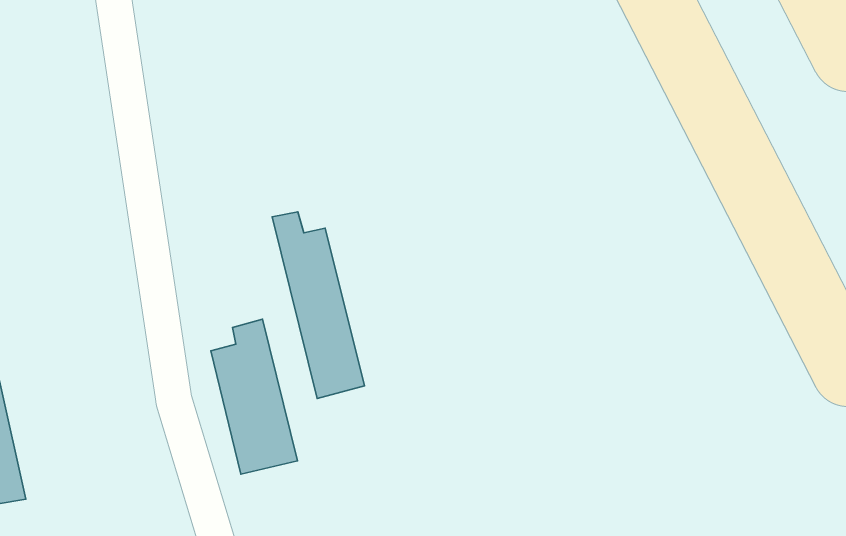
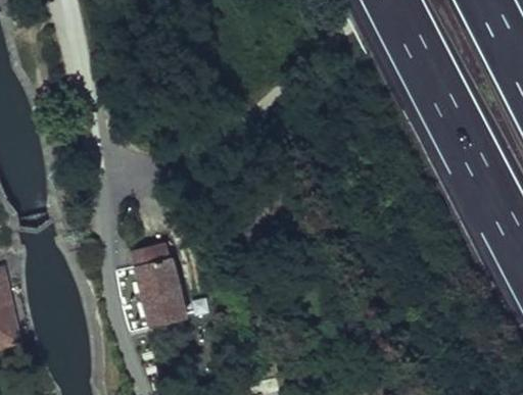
building: [272,212,364,398] -> none

